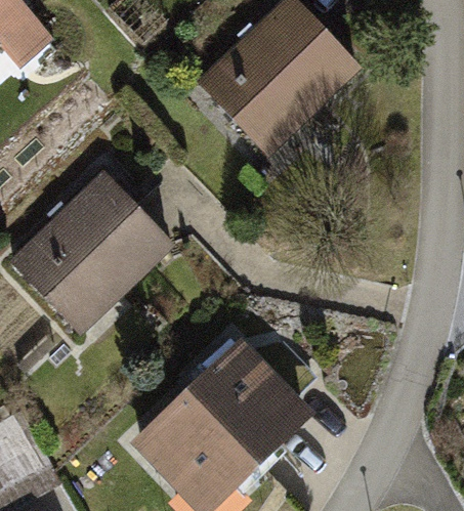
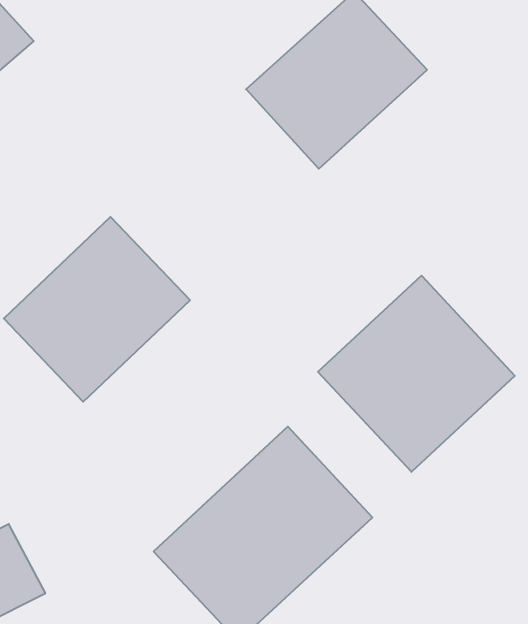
building: none -> [318,276,515,472]

